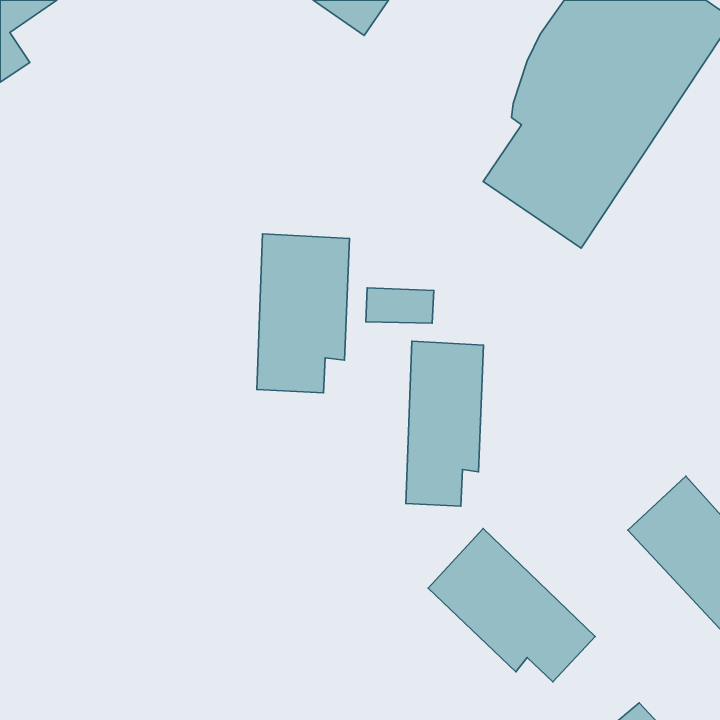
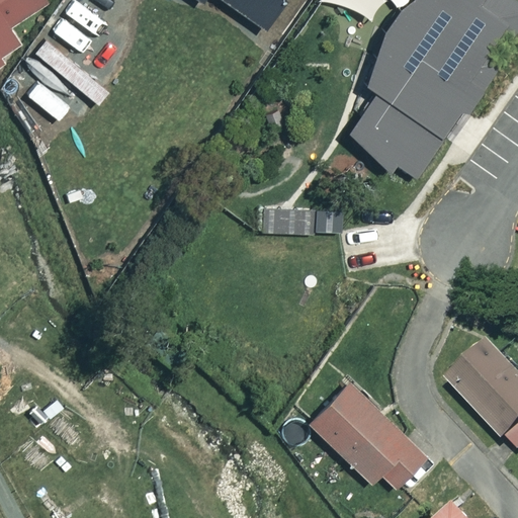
building: [257,234,350,393] -> none
building: [406,341,484,506] -> none

